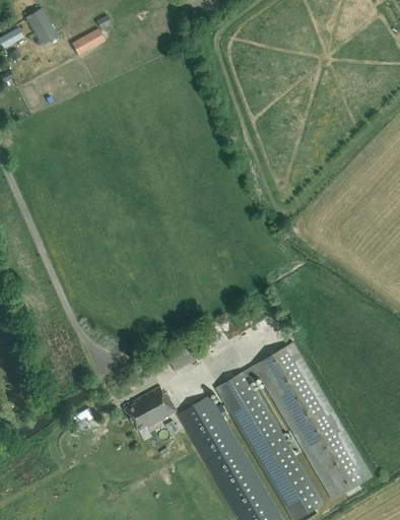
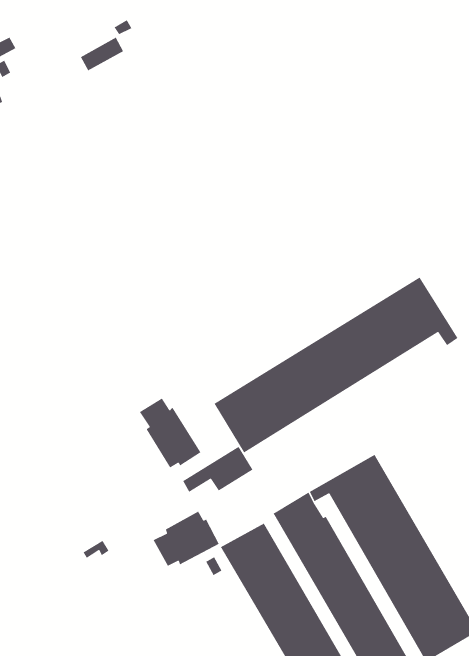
building: [25,8,58,46] -> none
building: none -> [213,277,459,454]
building: none -> [139,398,202,469]

